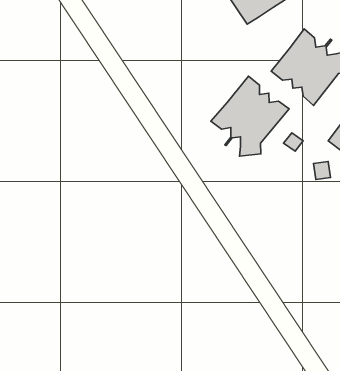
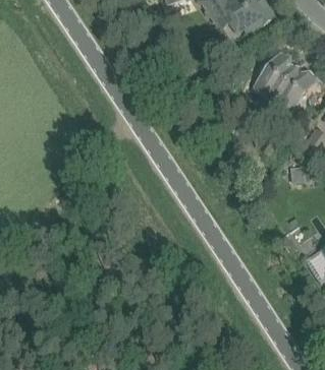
building: [211,76,289,156] -> none

